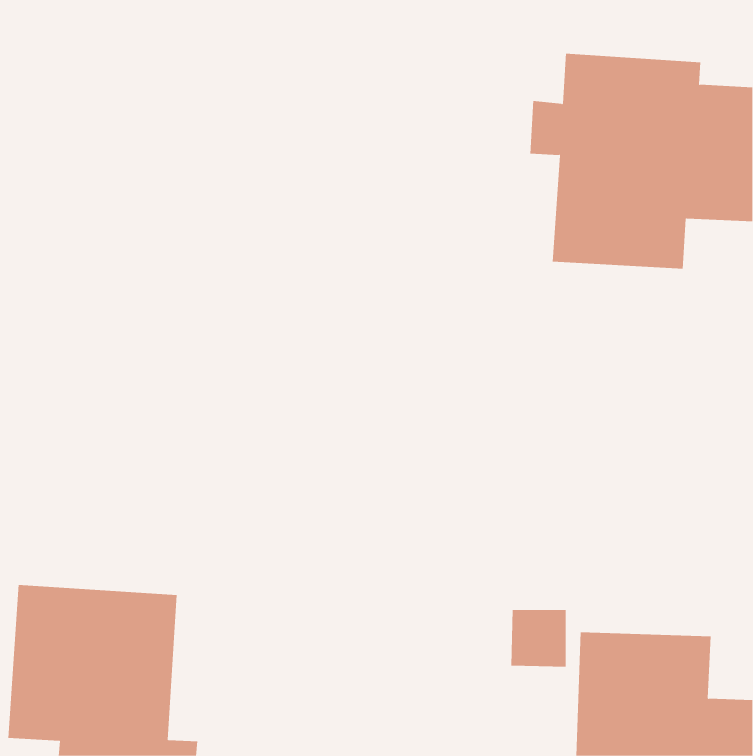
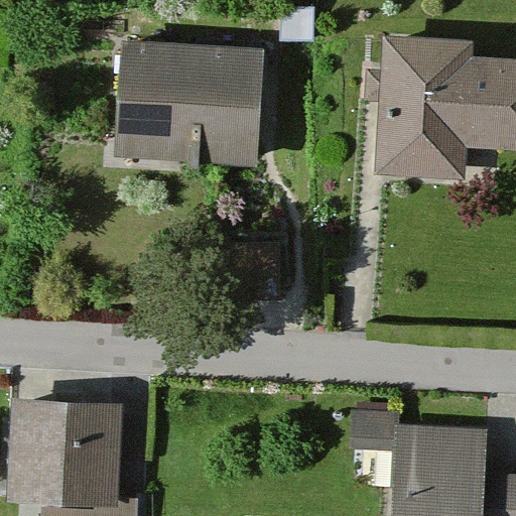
building: none -> [118,37,264,165]

